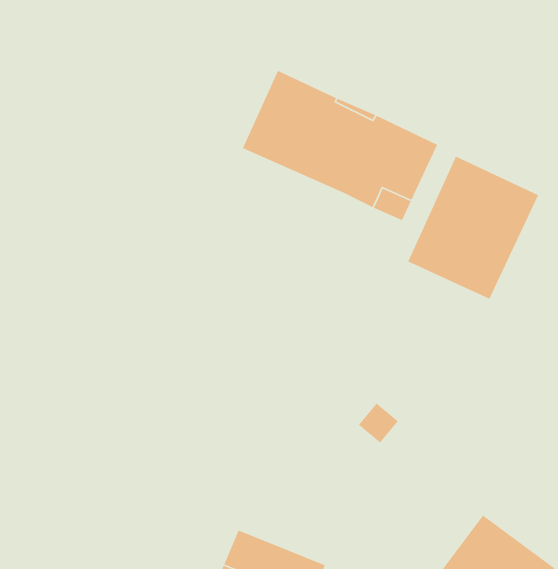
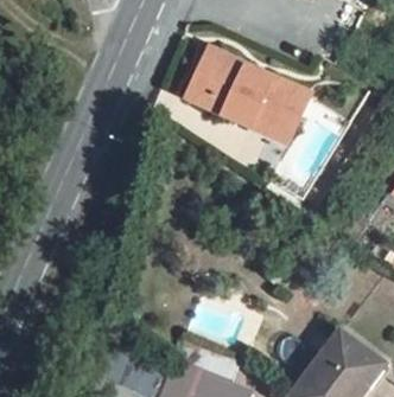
building: [407,156,539,300] -> none

